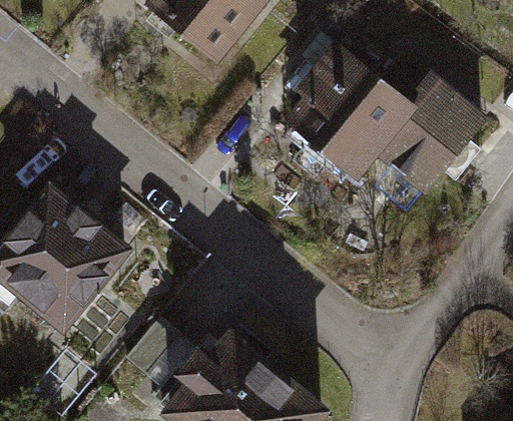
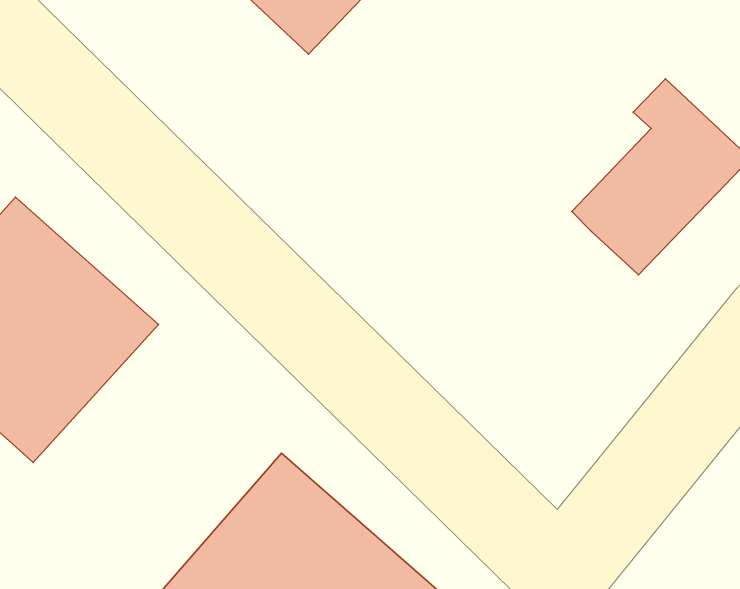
building: [283,35,426,175] -> none

